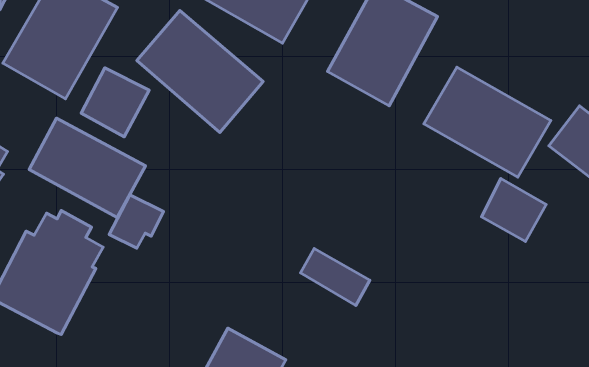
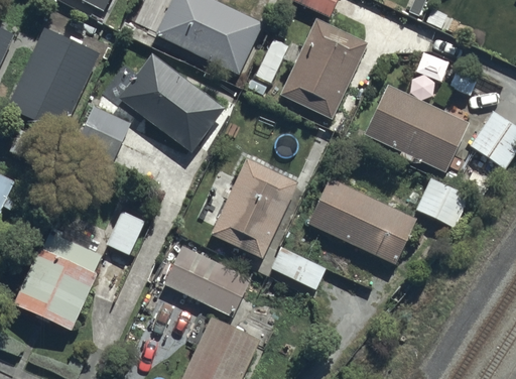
building: [29,118,145,218] -> none
building: none -> [209,156,298,258]
building: none -> [307,177,416,265]
building: none -> [164,244,252,317]

